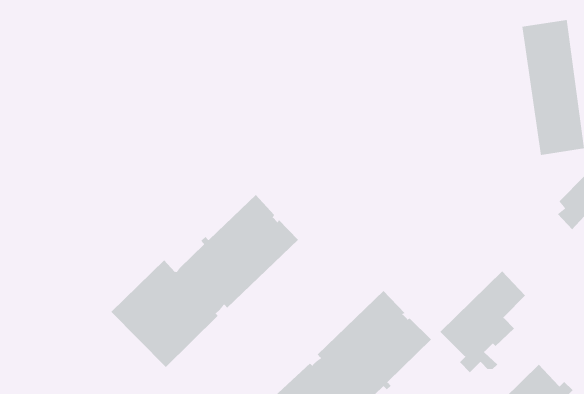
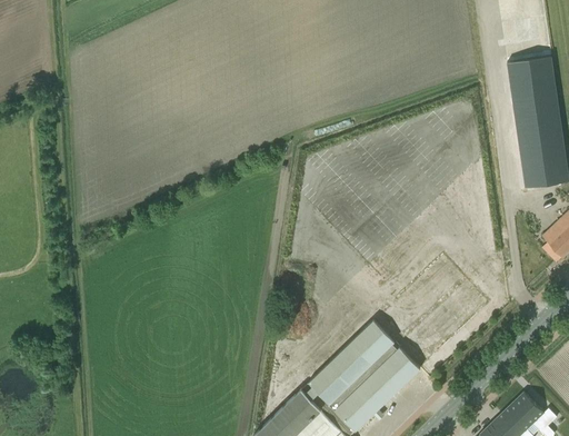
building: [111,194,299,368] -> none
building: [439,270,526,373] -> none

